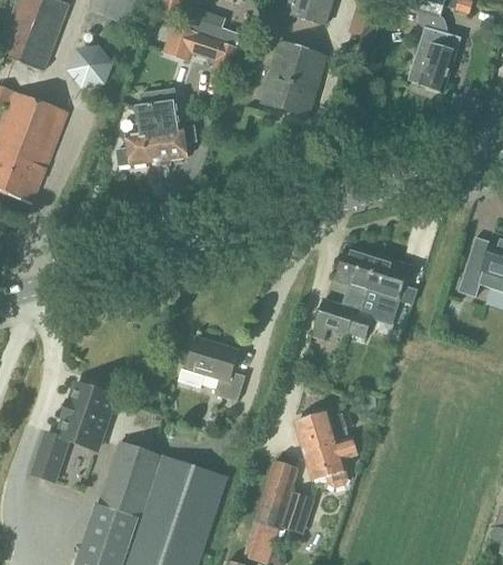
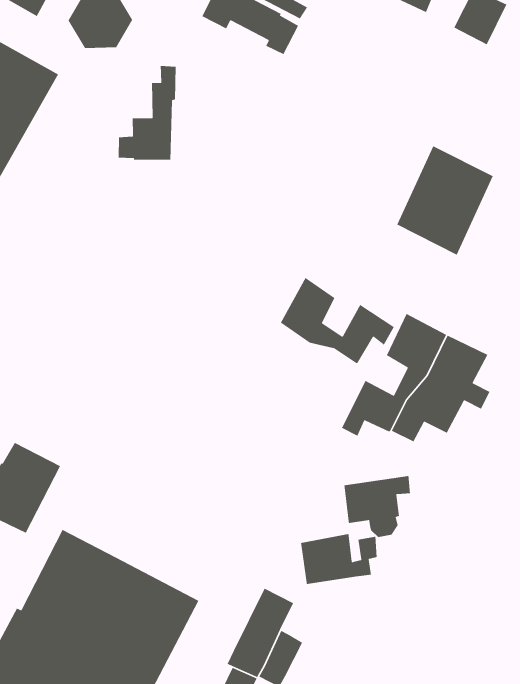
building: [261,40,326,118] -> [396,145,494,256]
building: [151,89,197,161] -> none
building: none -> [280,277,395,364]
building: [178,336,245,402] -> none
building: [303,440,353,488] -> [343,475,411,538]

